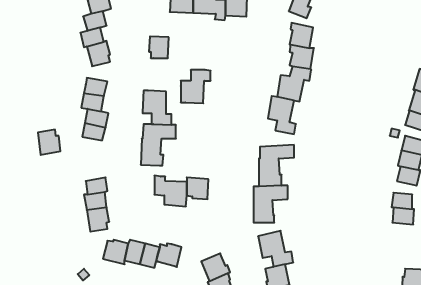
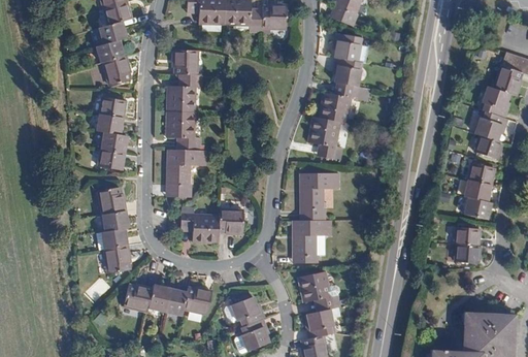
building: [181,70,211,103] -> [168,73,202,111]
building: [38,130,60,155] -> [99,185,125,214]

